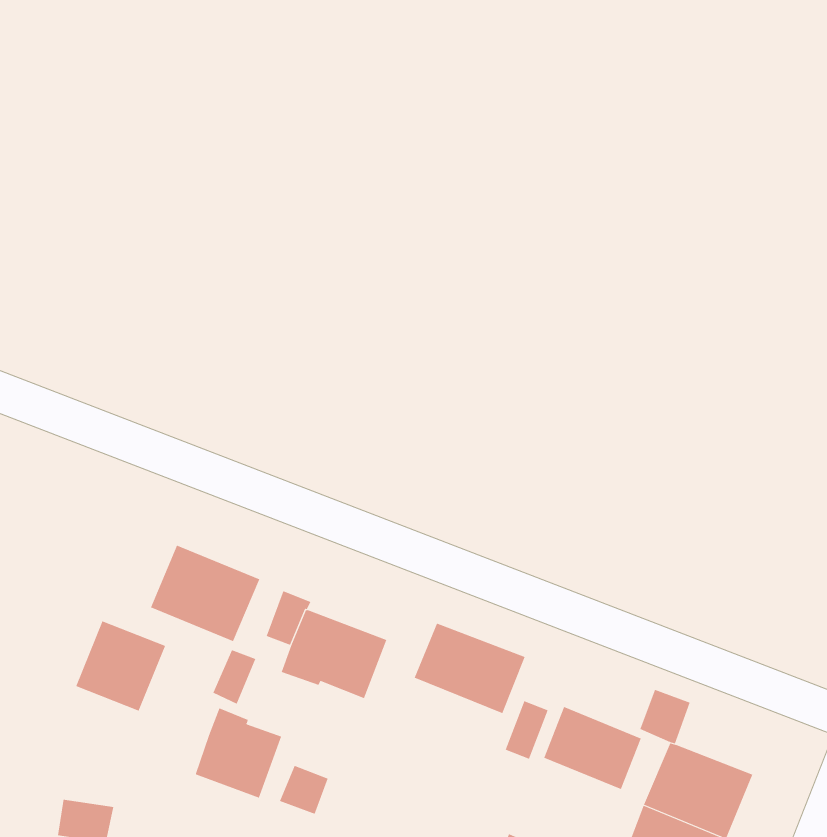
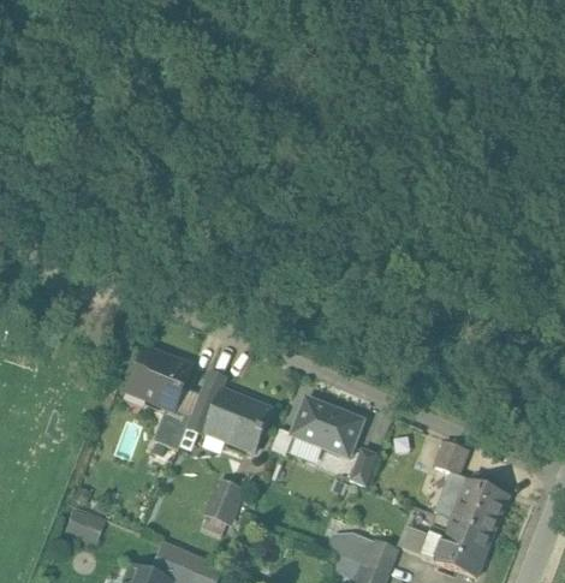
building: [75,620,166,712] -> none
building: [543,706,642,790] -> none
building: [195,707,282,799] -> none

